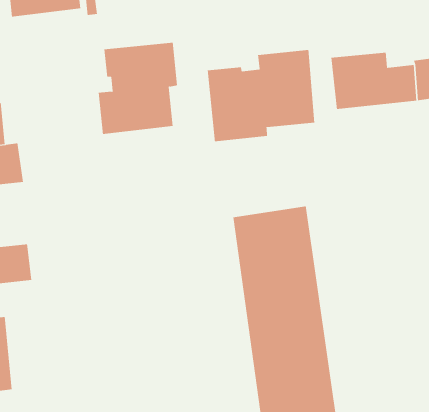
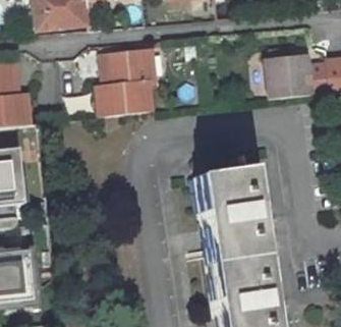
building: [207,49,315,142] -> none

